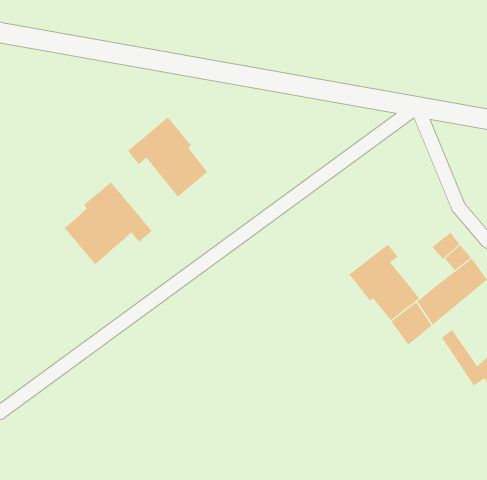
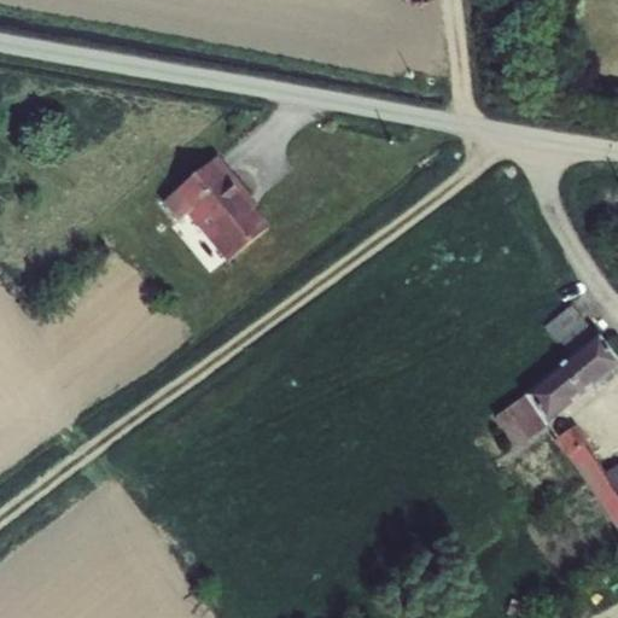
building: [64,181,153,265] -> none
building: [349,244,420,321] -> none

